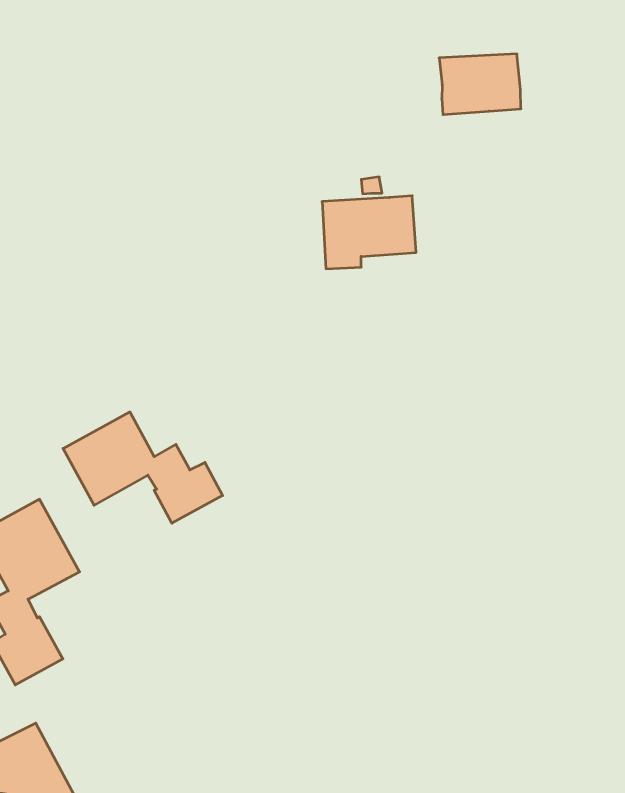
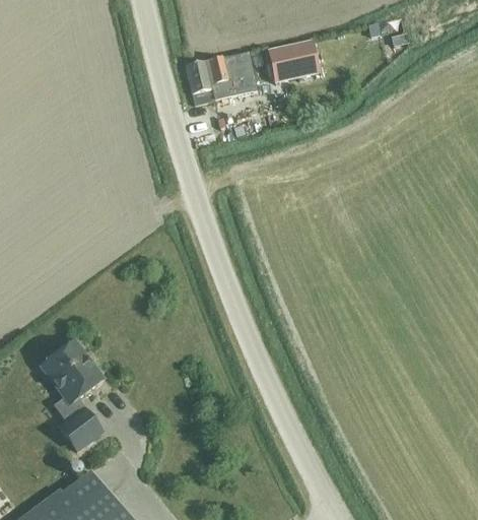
building: [322,196,416,269] -> [187,53,246,103]
building: [63,412,223,523] -> none

